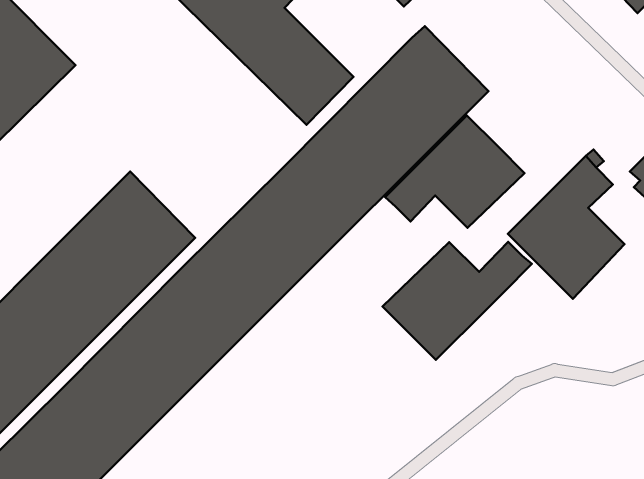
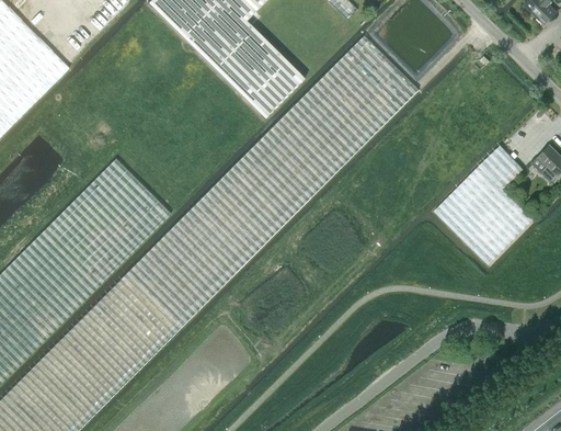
building: [385,115,525,228] -> none
building: [383,242,532,360] -> none

